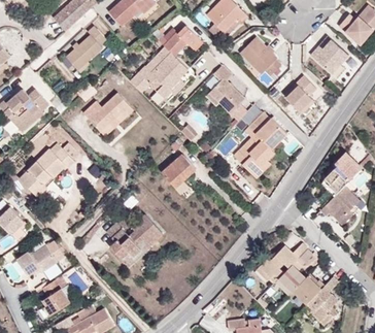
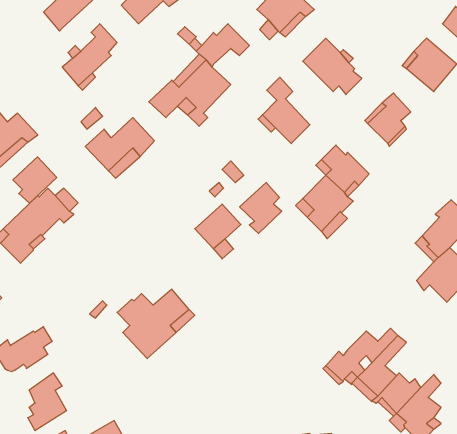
building: none -> [13,157,57,203]
building: none -> [240,183,282,233]

